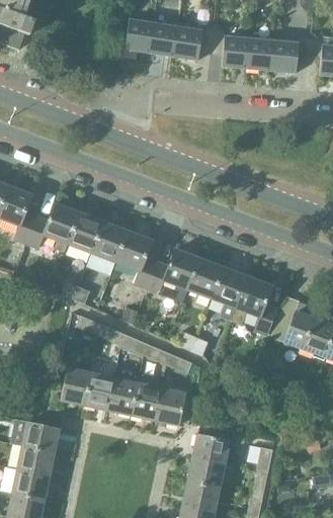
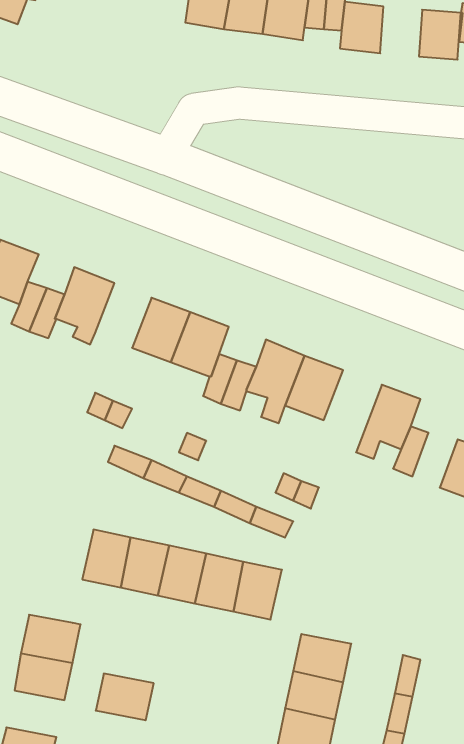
building: [247,38,273,70] -> none
building: [68,212,103,253] -> none
building: [212,267,248,319] -> none
building: [12,468,49,498] -> [96,674,154,720]

